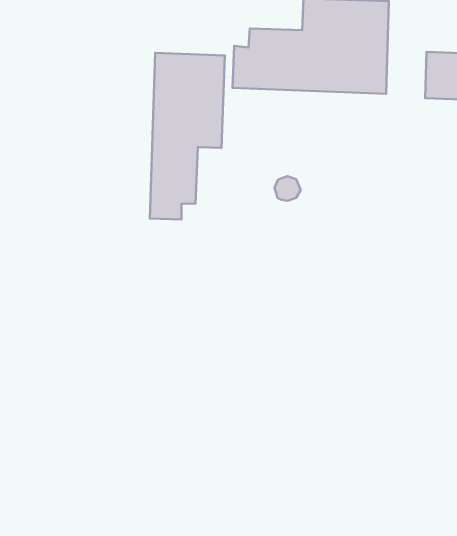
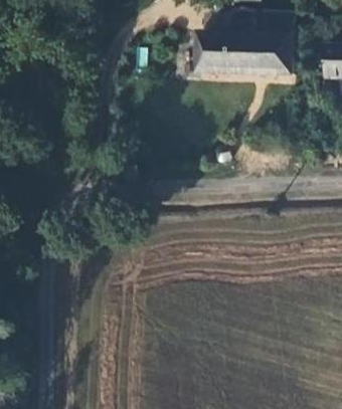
building: [150,53,225,220] -> none

